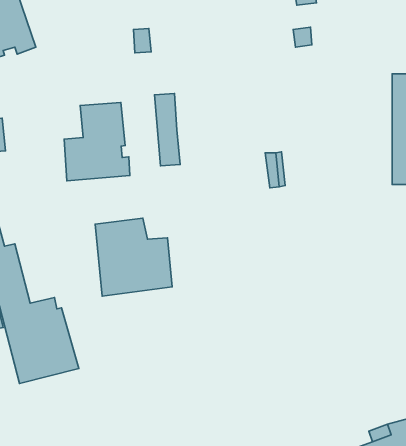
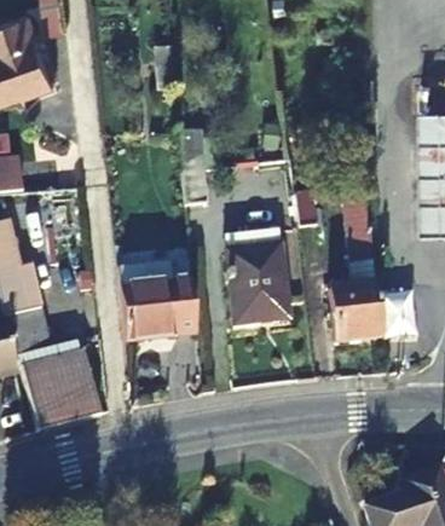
building: [64,102,130,181] -> none
building: none -> [328,184,382,343]
building: none -> [224,231,289,324]

